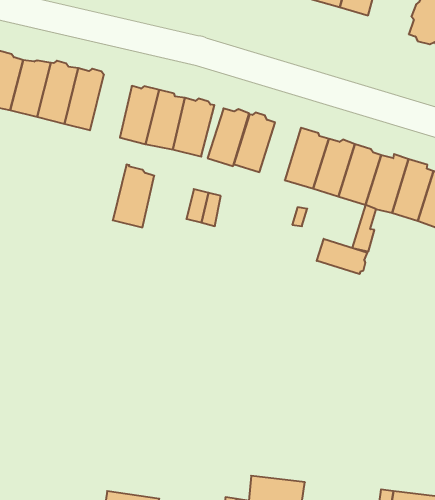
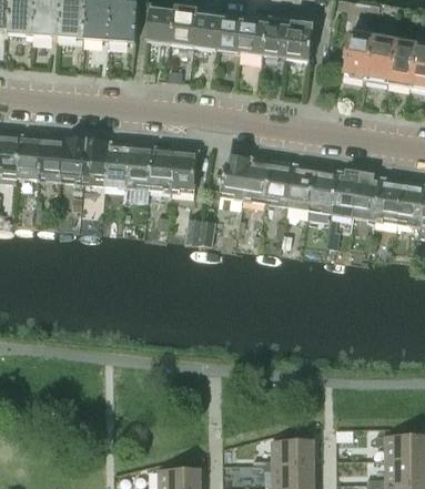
building: [208,108,249,166] -> [242,156,270,202]
building: [113,165,154,227] -> [103,140,131,187]
building: [317,239,367,274] -> none

